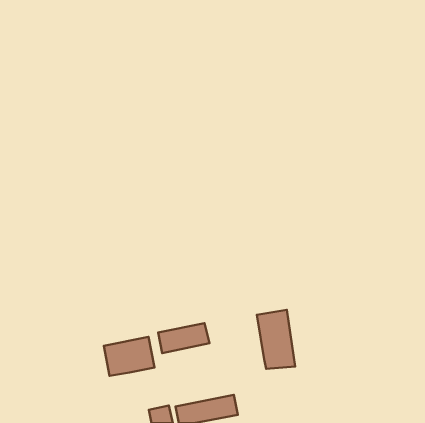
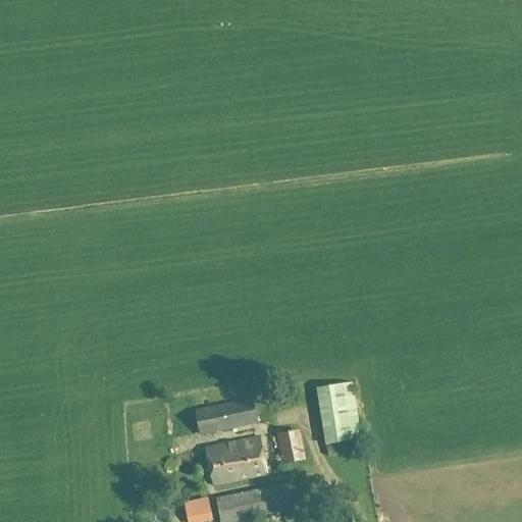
building: [104,337,154,376] -> [205,436,267,484]
building: none -> [276,428,305,462]

